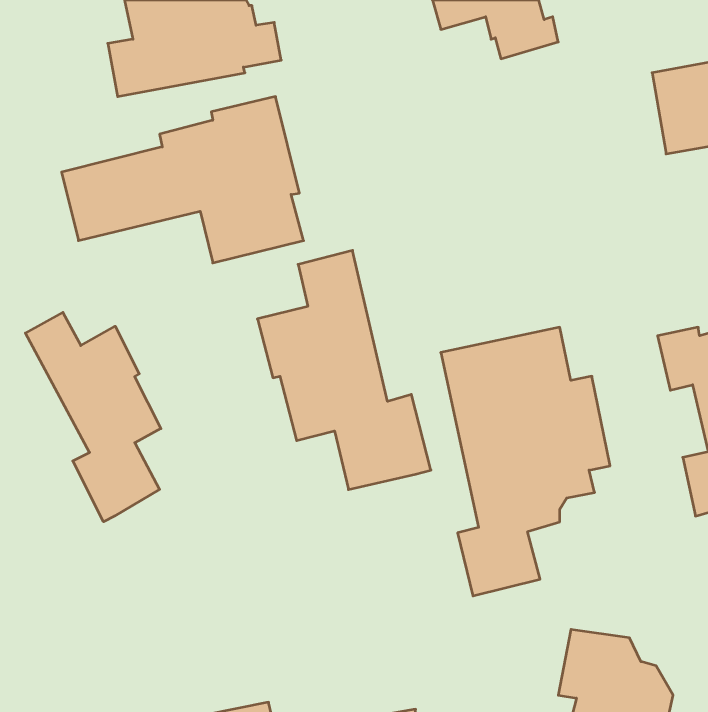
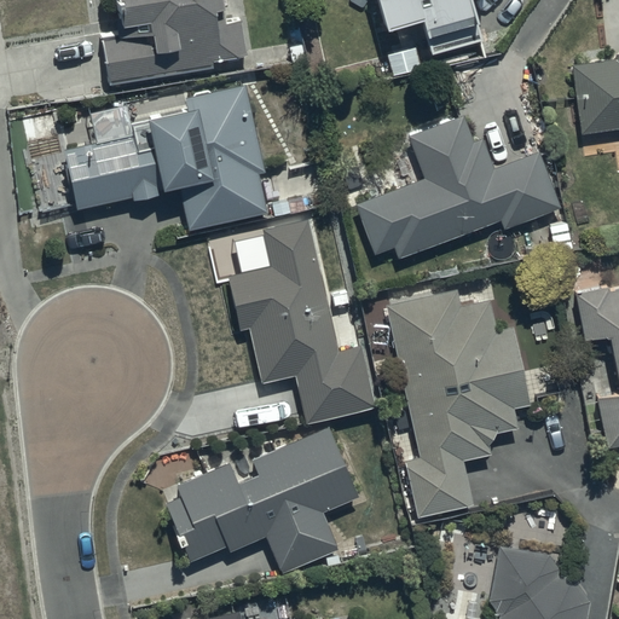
building: none -> [354,112,557,259]
building: [25,312,161,522] -> none
building: none -> [164,429,358,574]

